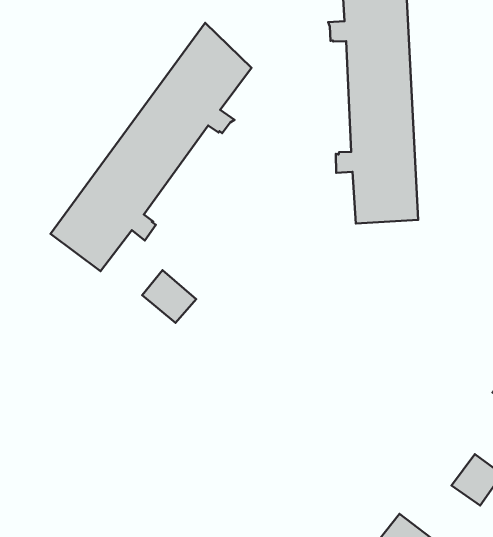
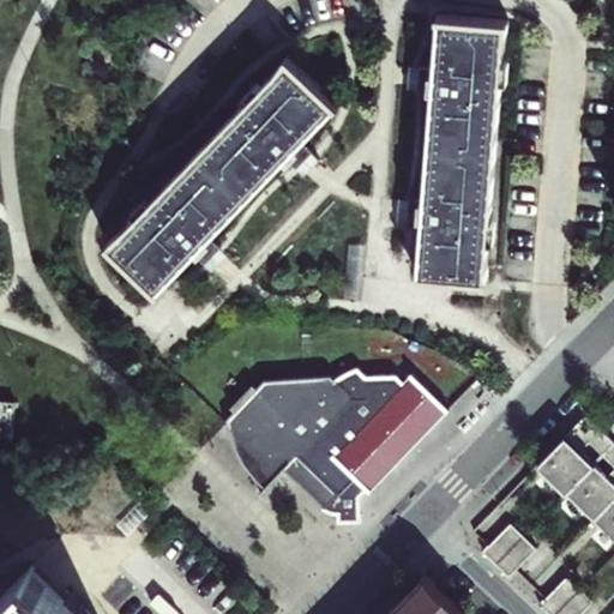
building: [142,270,196,323] -> none
building: none -> [227,372,451,517]

